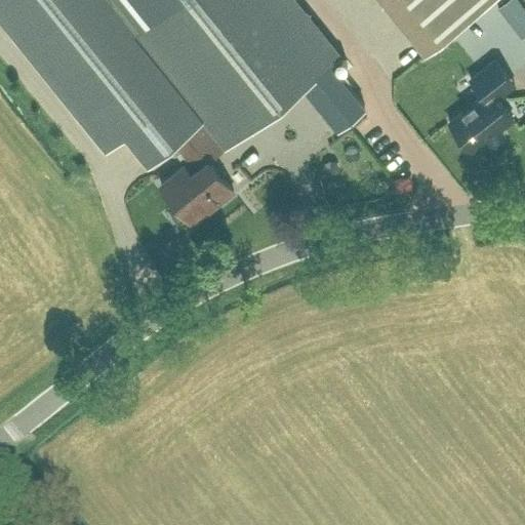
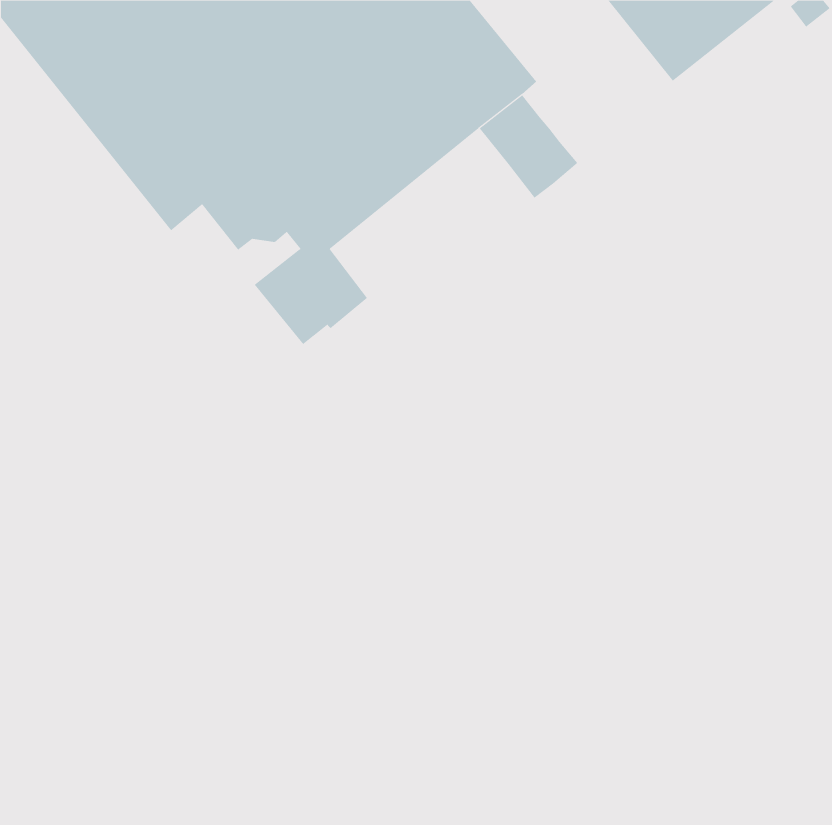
building: [449,60,514,151] -> none

